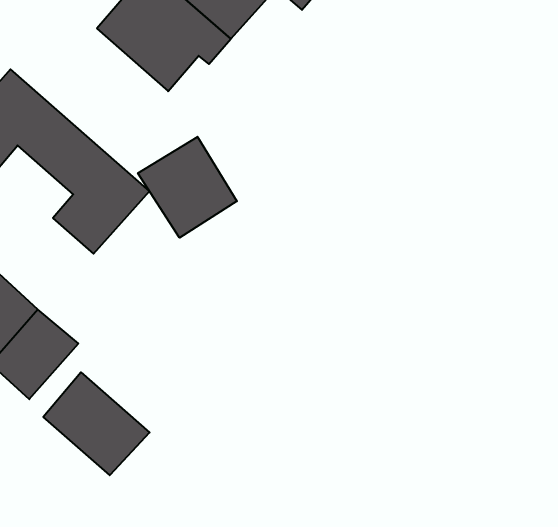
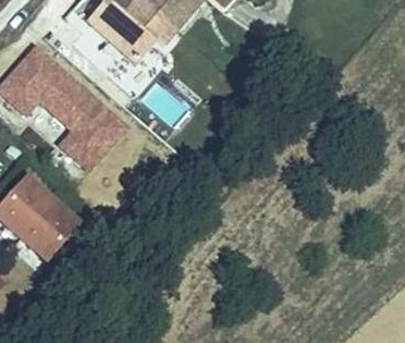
building: [138,137,237,238] -> none
building: [43,372,150,475] -> none

